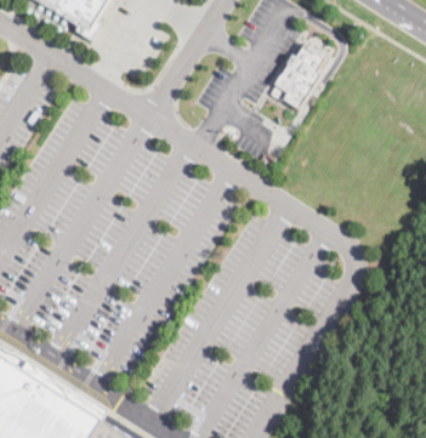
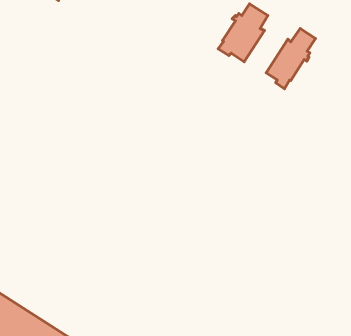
building: none -> [266,29,315,89]

